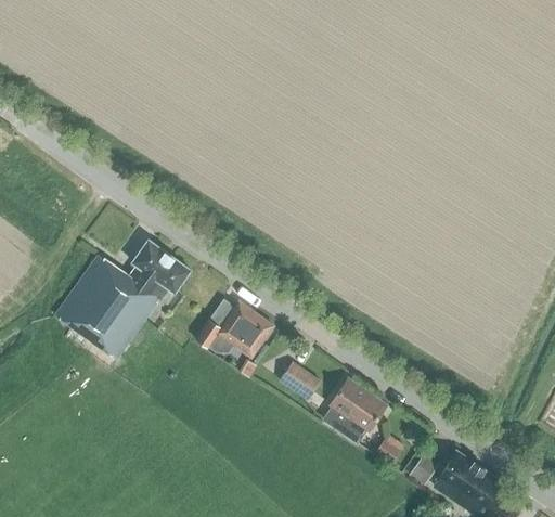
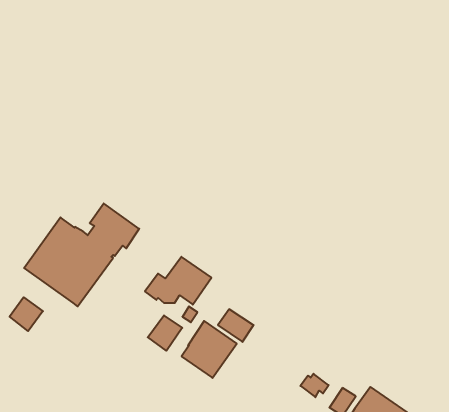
building: none -> [10,297,43,331]
building: none -> [148,315,182,351]
building: [322,377,386,443] -> [182,321,237,378]

